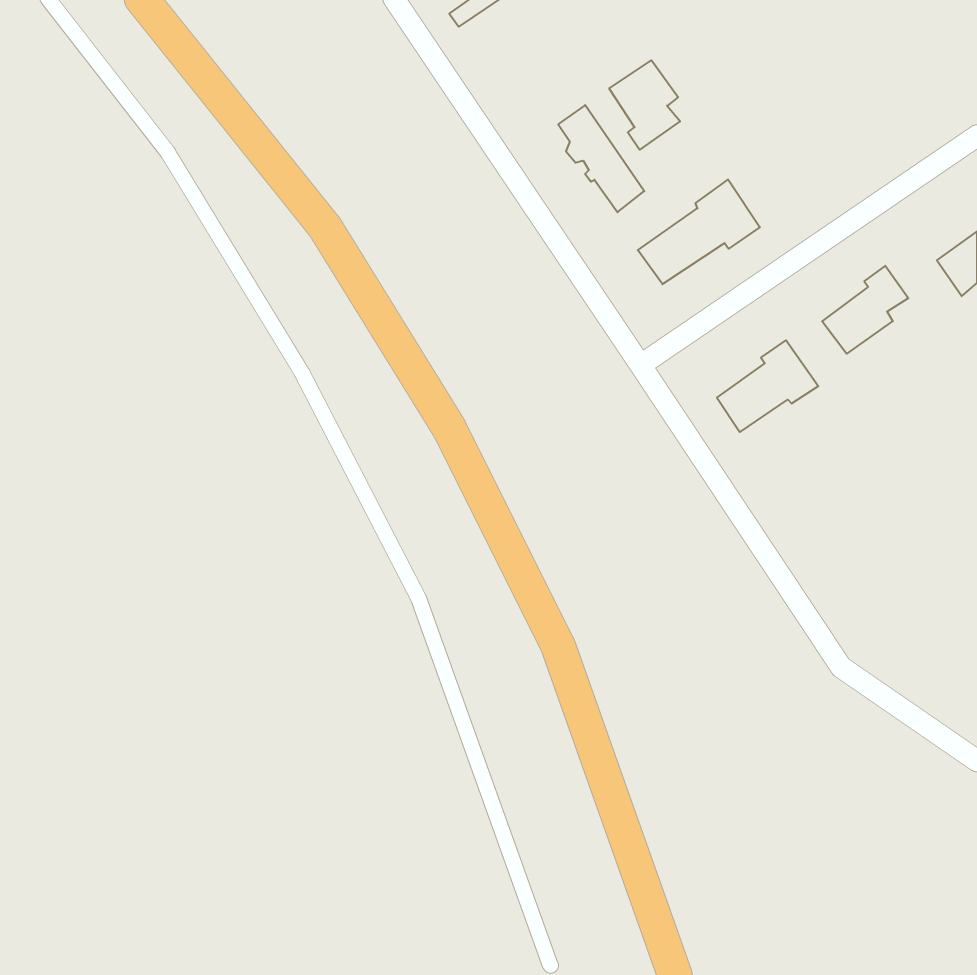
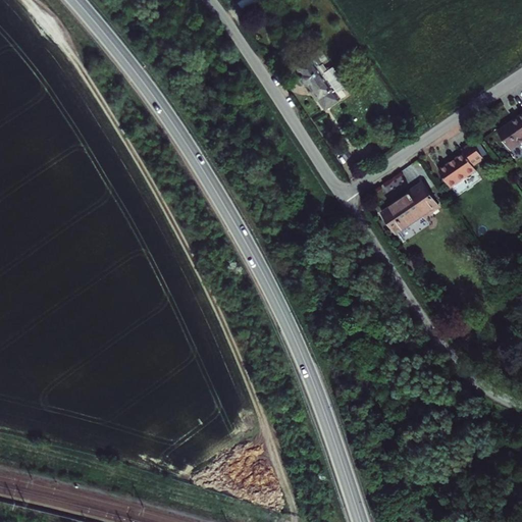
building: [609,60,680,150] -> none
building: [638,179,760,284] -> none

